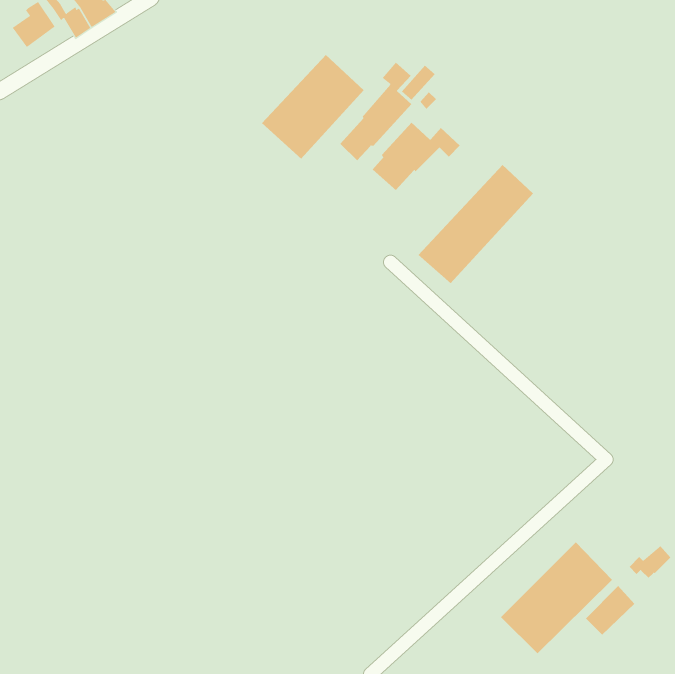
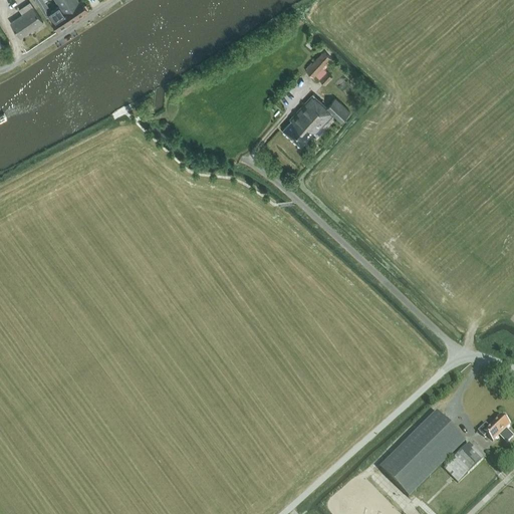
building: [261,54,364,159] -> none
building: [340,62,412,161] -> none
building: [418,164,534,284] -> none

